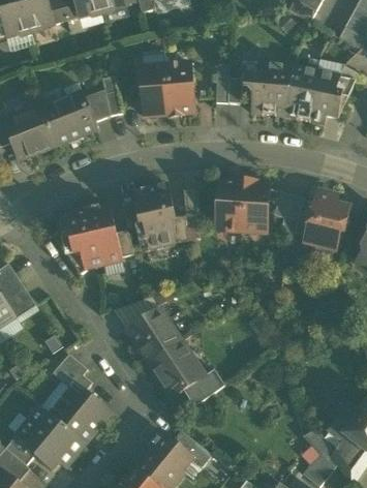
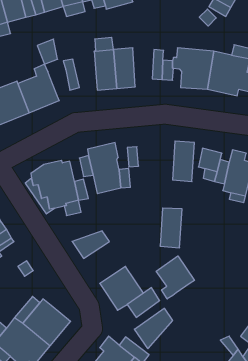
building: [84,90,110,122] -> [37,39,58,64]
building: [216,180,244,231] -> [160,208,182,248]
building: [127,309,181,363] -> none
building: none -> [156,256,194,299]
building: [53,354,92,391] -> none
building: none -> [134,308,172,349]

